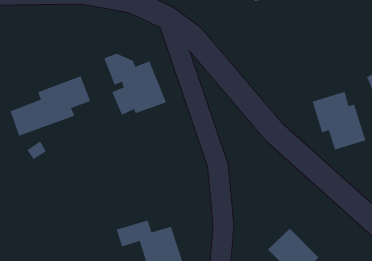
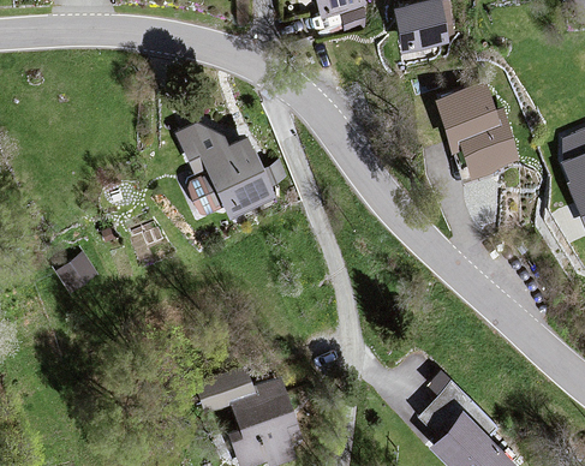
building: [10,75,91,137] -> none
building: [312,91,366,150] -> [437,85,518,173]

